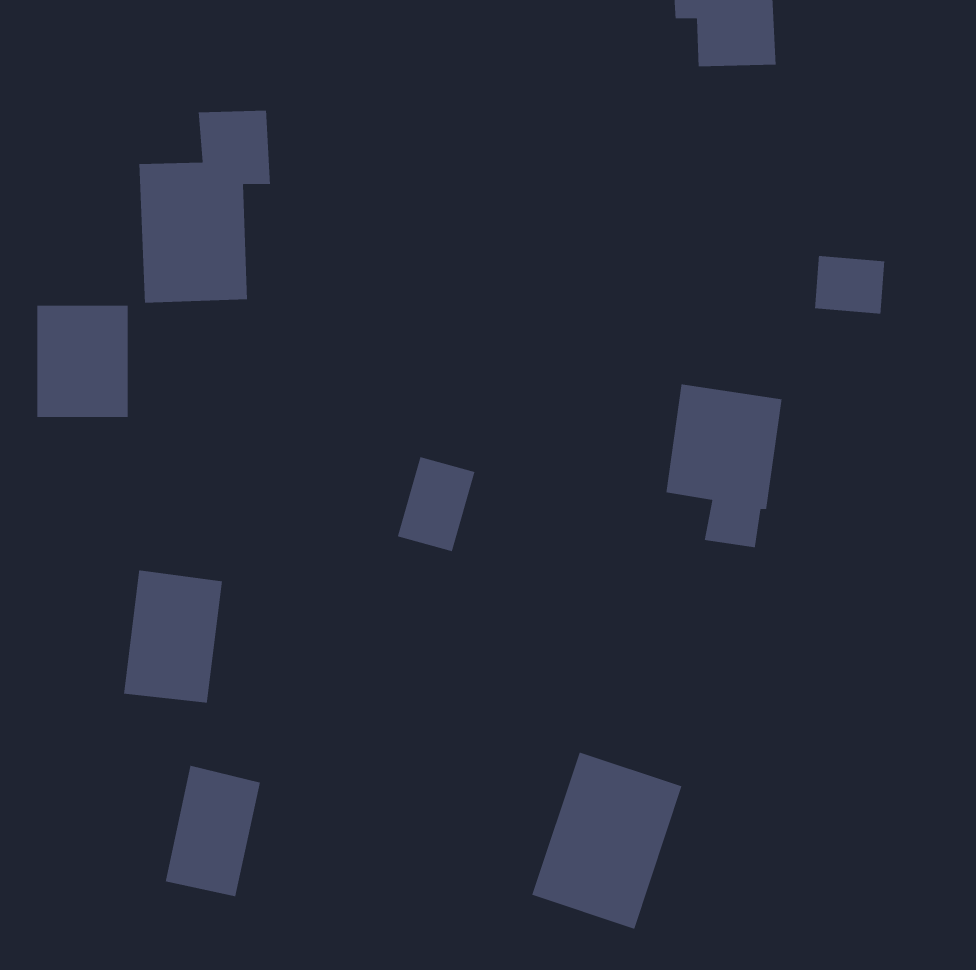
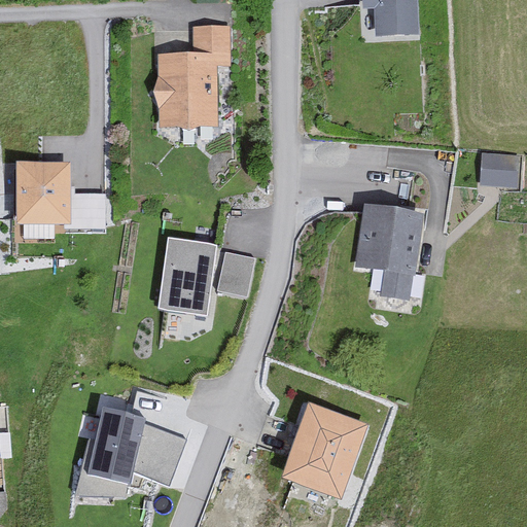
building: [138,110,271,304] -> [157,24,229,128]
building: [814,255,885,315] -> [480,152,518,184]
building: [123,569,223,704] -> [159,239,212,311]
building: none -> [135,423,184,480]

